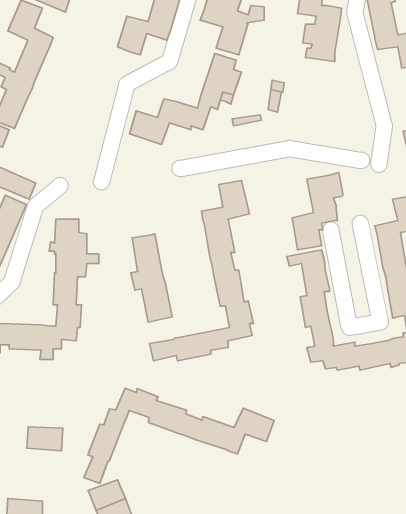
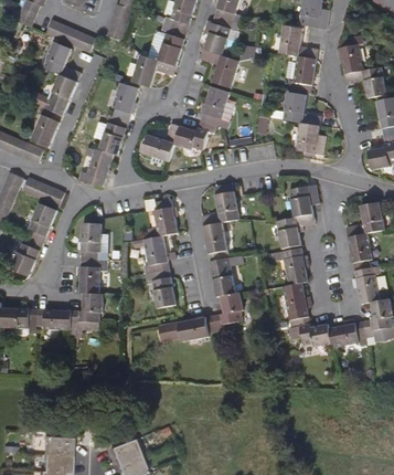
building: none -> [79,80,137,184]
building: none -> [283,92,326,154]
building: none -> [153,198,178,235]
building: [84,388,274,484] -> none
building: [27,427,63,451] -> [41,435,71,455]

